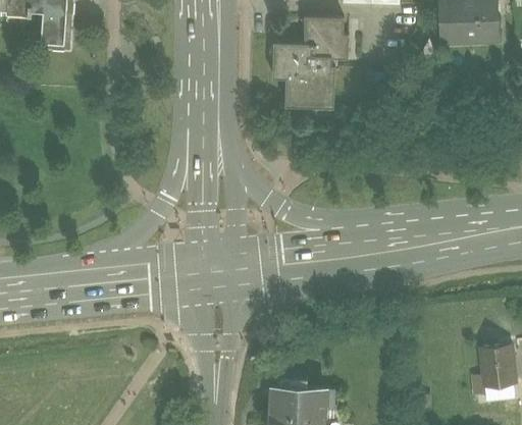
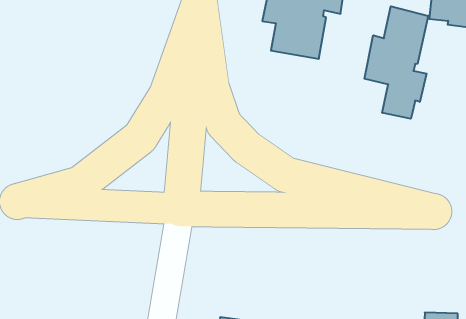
building: none -> [364,6,428,119]

